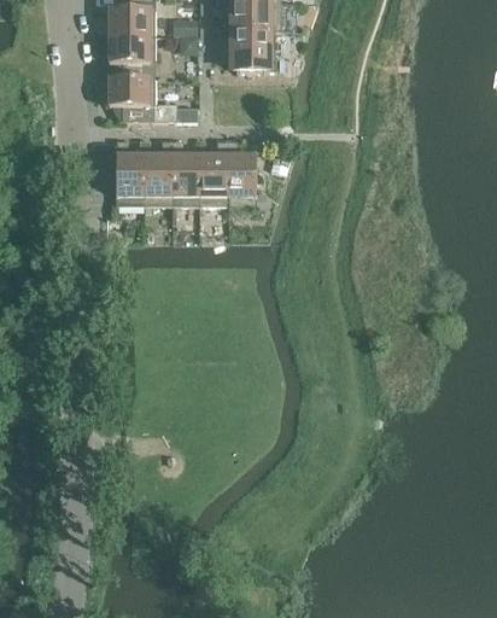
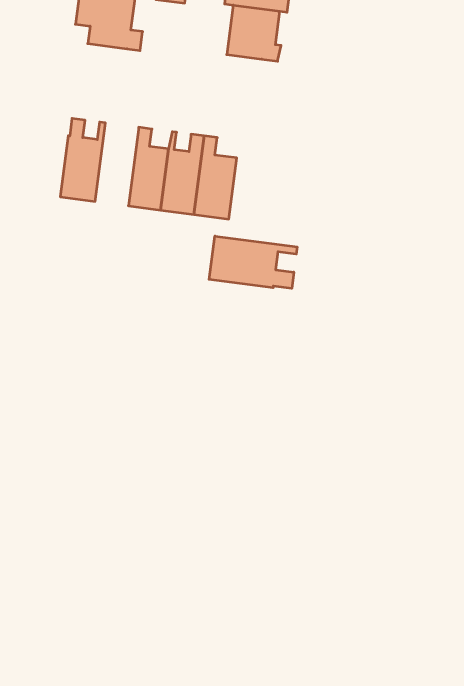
building: [107,76,175,119] -> none
building: [144,139,171,204] -> none
building: none -> [209,236,297,288]

